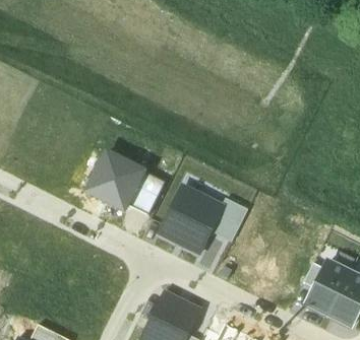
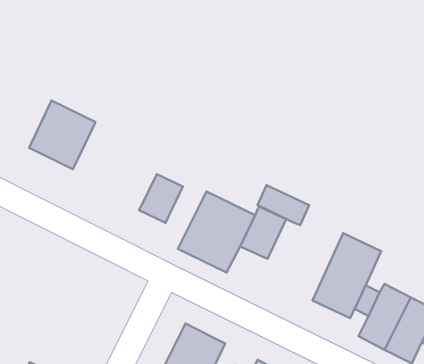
building: [87,153,141,209] -> [29,101,95,169]
building: none -> [258,185,309,225]
building: none -> [312,233,381,318]

